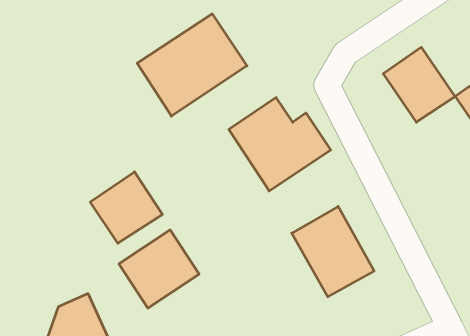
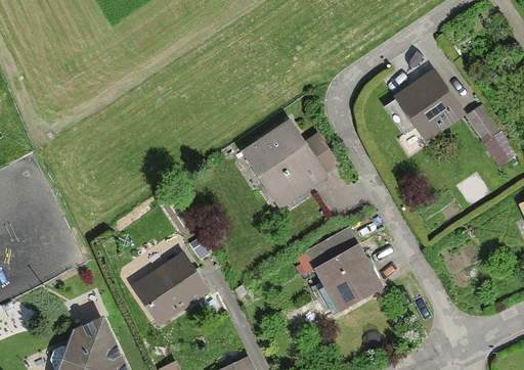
building: [137,14,247,116] -> none
building: [90,172,162,243] -> none

